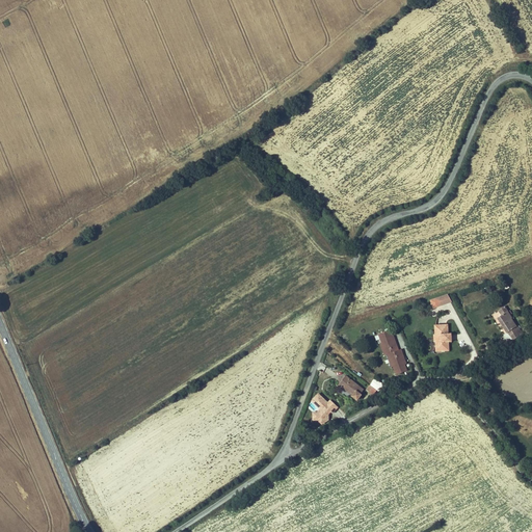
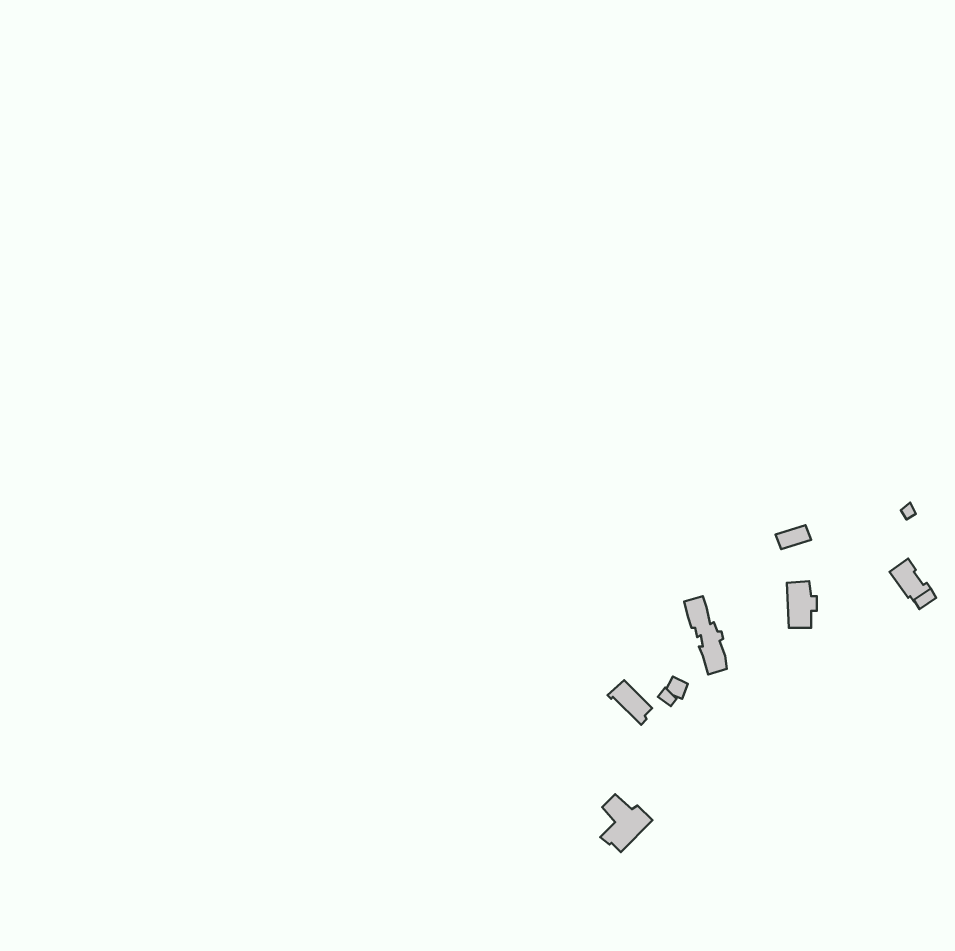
building: [310,391,339,423] -> [600,794,653,852]

